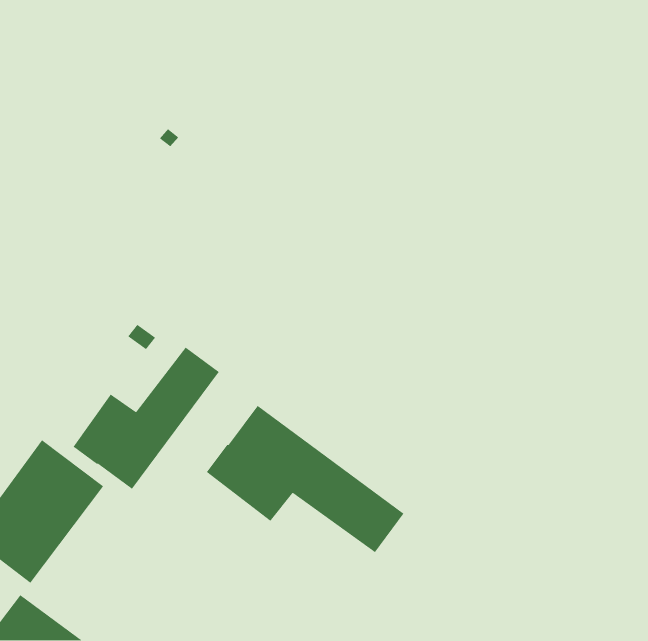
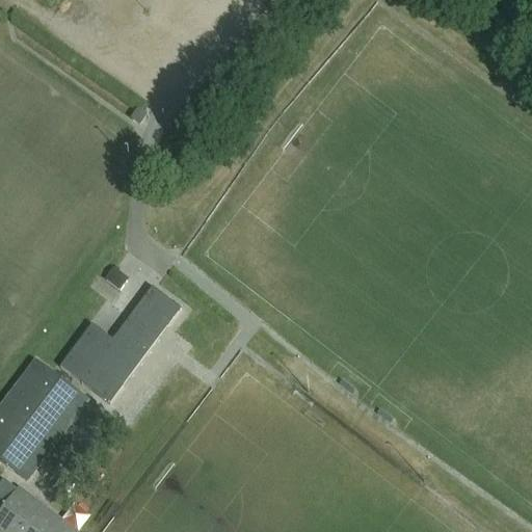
building: [206,405,404,553] -> none

